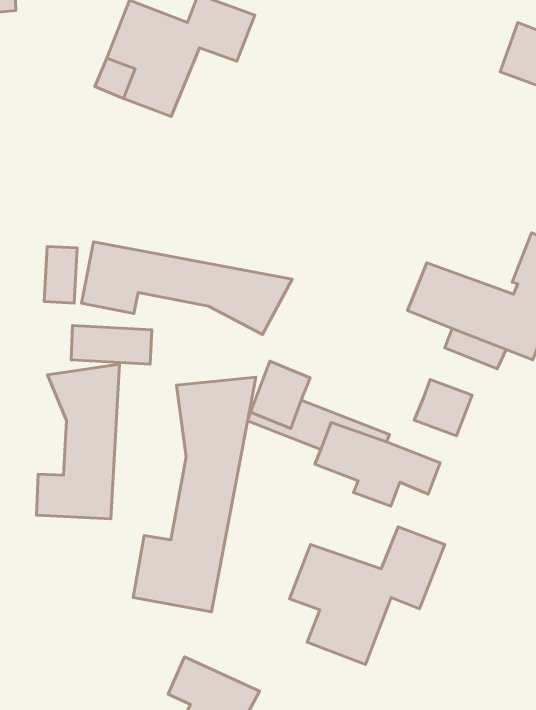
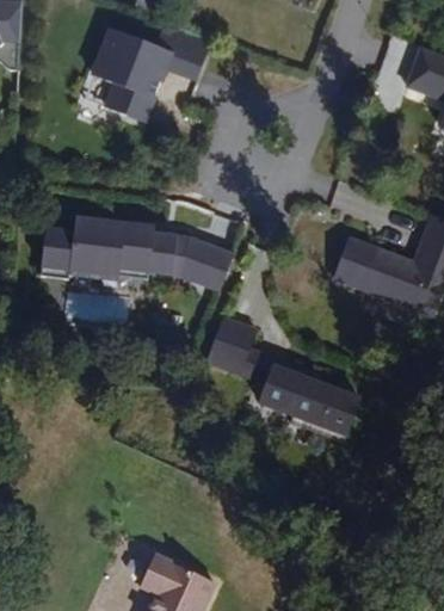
building: [36,364,120,519] -> none
building: [133,377,256,612] -> none
building: [414,380,472,436] -> none
building: [289,527,445,664] -> none

